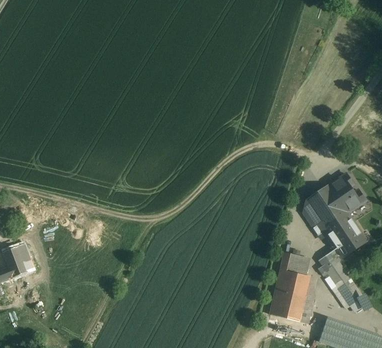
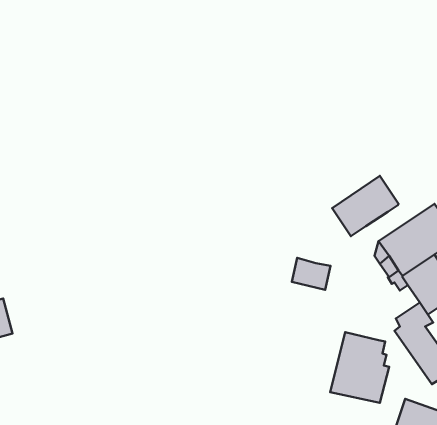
building: none -> [332,176,399,236]
building: [281,251,310,275] -> [292,258,330,290]

